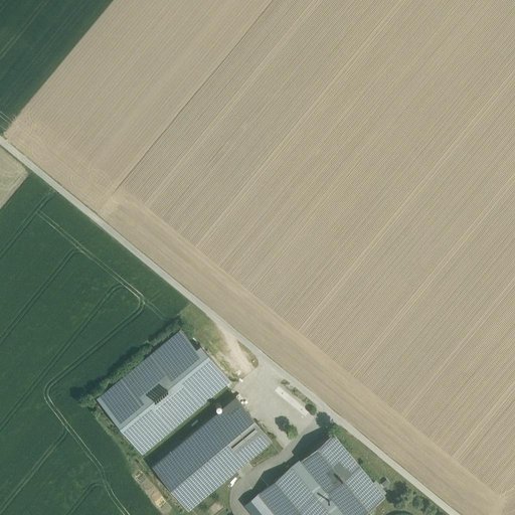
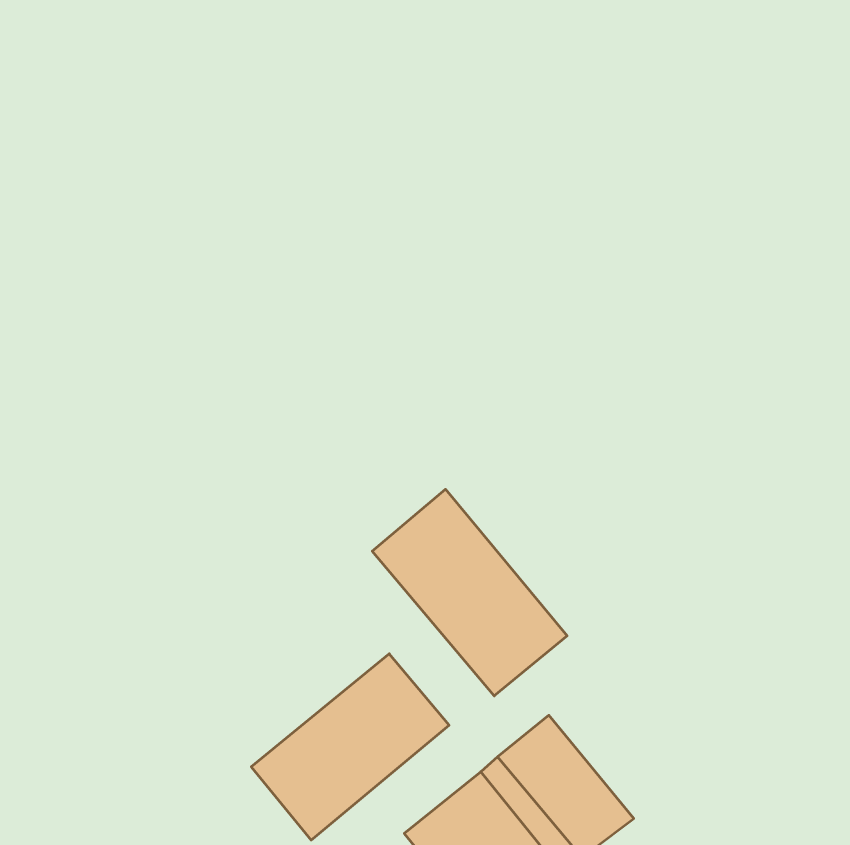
building: none -> [372,489,567,696]
building: [97,331,229,455] -> none

